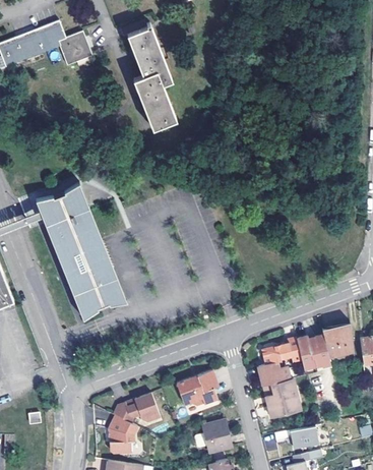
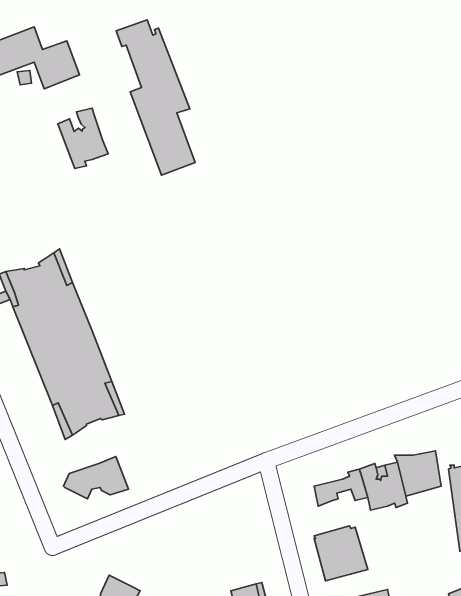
building: none -> [58,108,108,169]
building: [256,362,287,388] -> none
building: [175,371,217,406] -> none
building: [113,394,160,424] -> [63,457,128,499]

